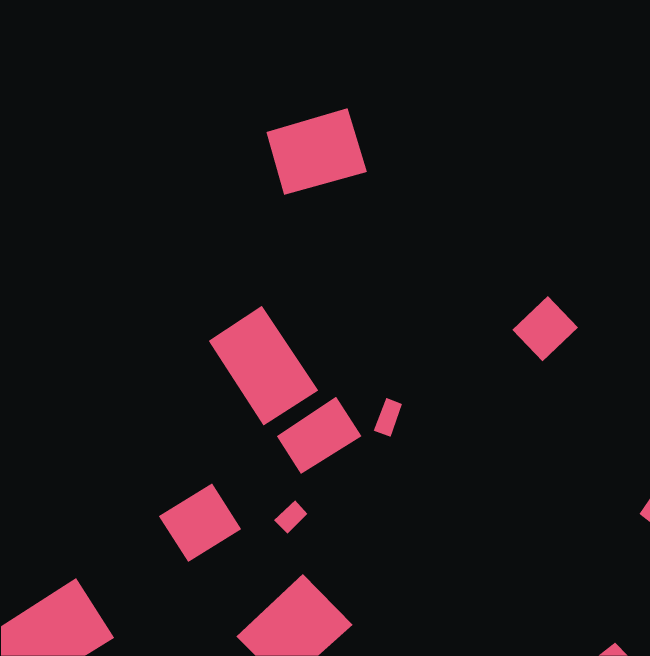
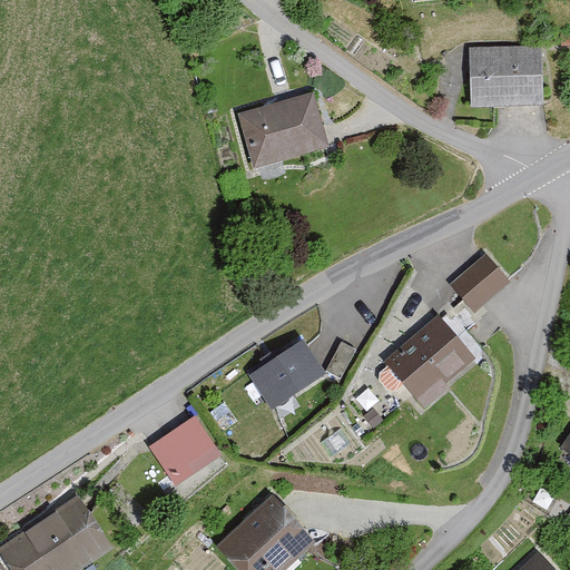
building: none -> [474,46,541,107]
building: [208,305,319,426] -> none
building: none -> [385,317,474,409]

